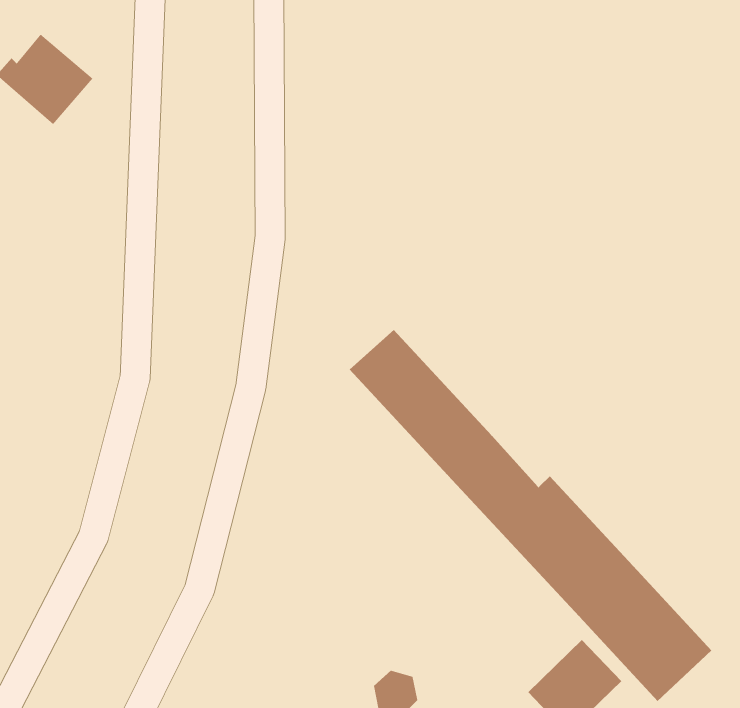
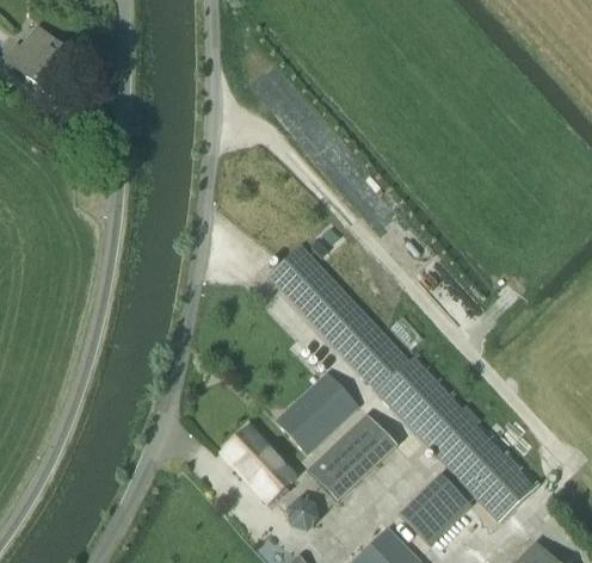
building: none -> [275,372,358,454]
building: none -> [306,415,396,503]
building: none -> [221,427,296,505]

